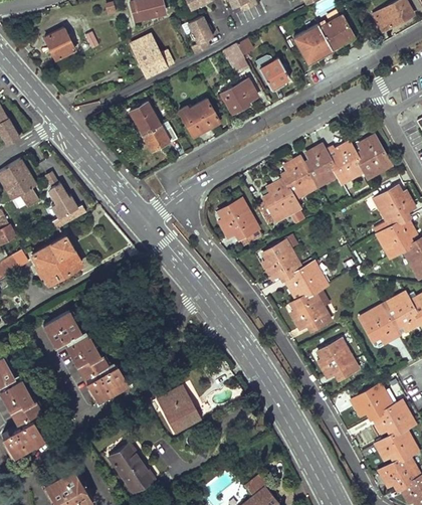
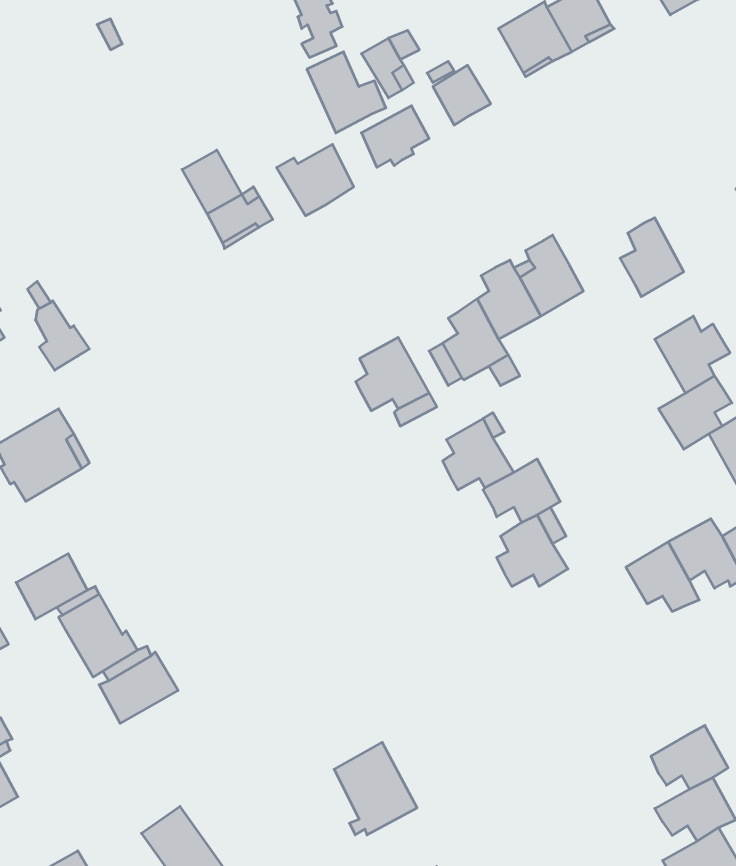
building: [43,28,73,60] -> none
building: [131,35,172,77] -> [307,52,386,133]
building: [331,142,365,184] -> none
building: [319,340,357,378] -> none
building: [352,384,392,417] -> none
building: [157,386,200,435] -> [334,742,417,835]

